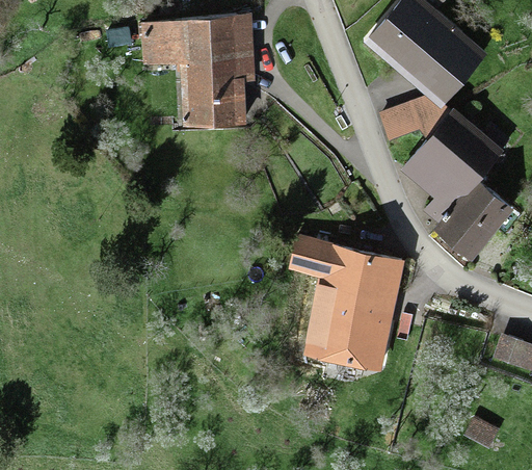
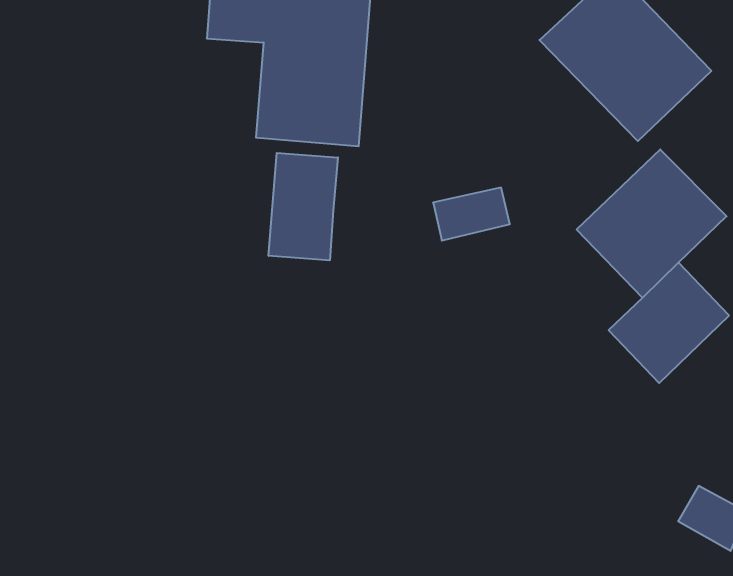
building: [381,98,434,137] -> [433,188,510,241]
building: none -> [269,153,338,260]
building: [290,237,406,370] -> none

